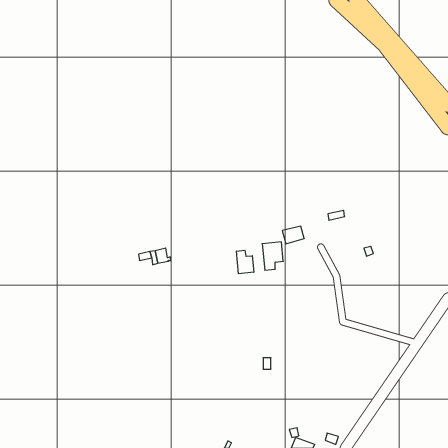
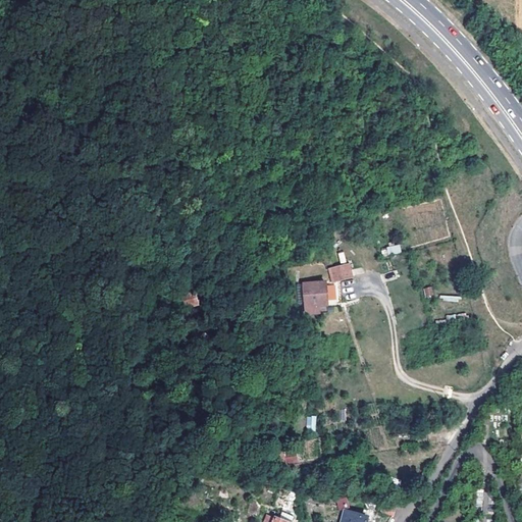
building: [237,250,254,274] -> none

